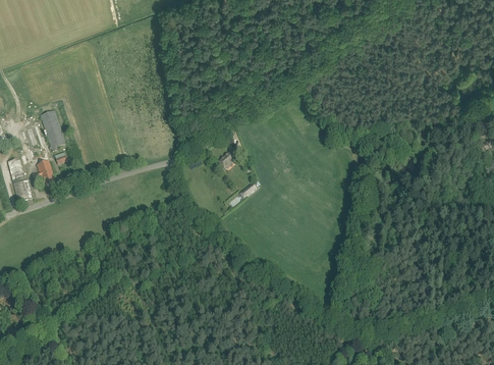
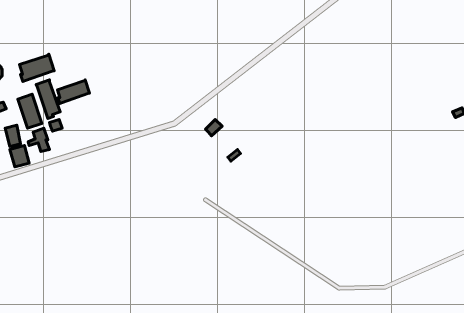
building: none -> [19,54,54,82]
building: none -> [57,80,90,103]

